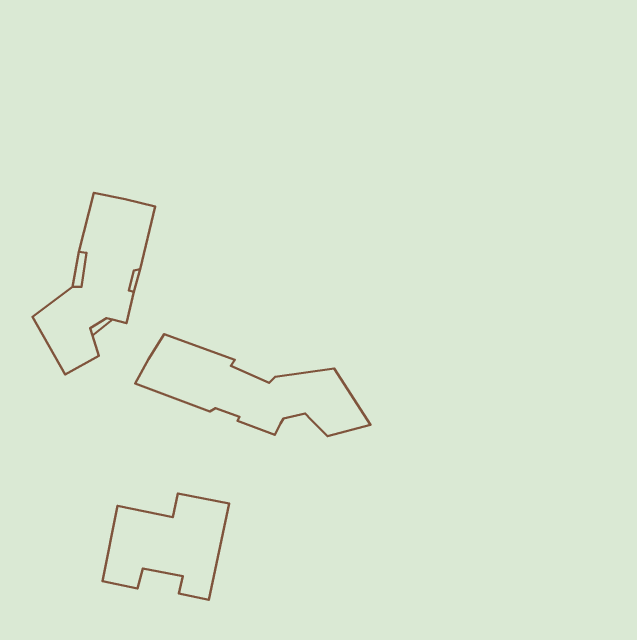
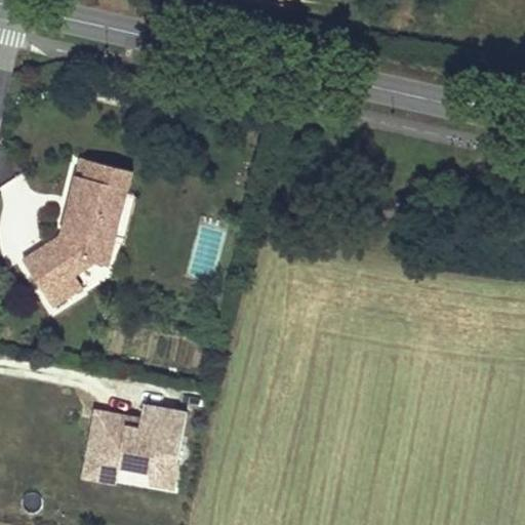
building: [135,334,370,436] -> none

